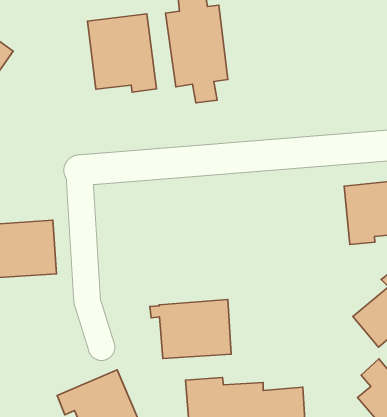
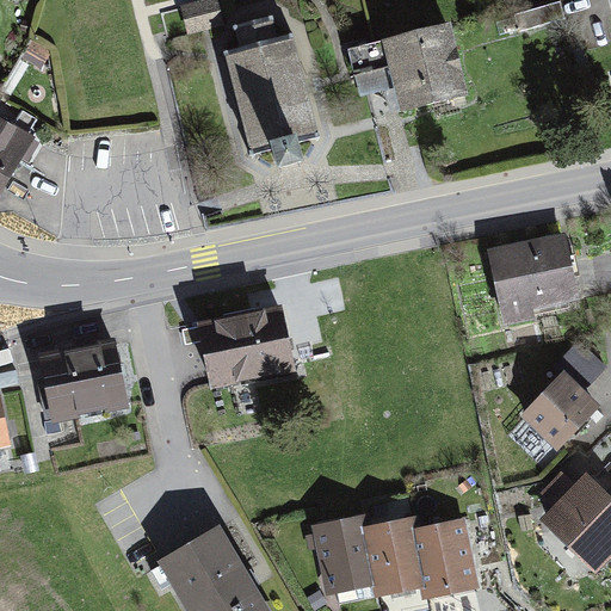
building: none -> [354,19,470,115]
building: [88,14,157,92] -> none
building: [150,300,231,359] -> [180,306,294,393]

